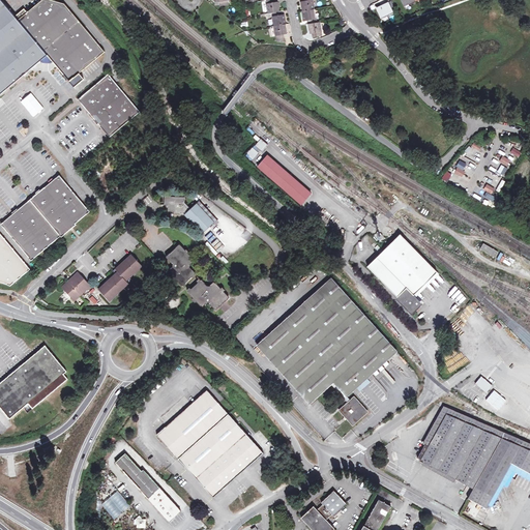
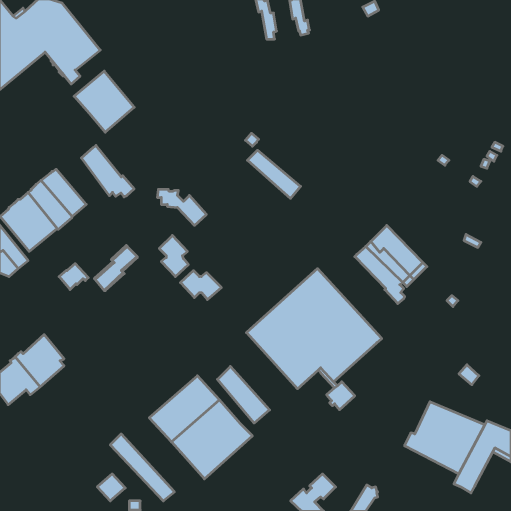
building: none -> [81,145,134,197]
building: none -> [217,366,270,423]
building: [424,411,503,448] -> none

